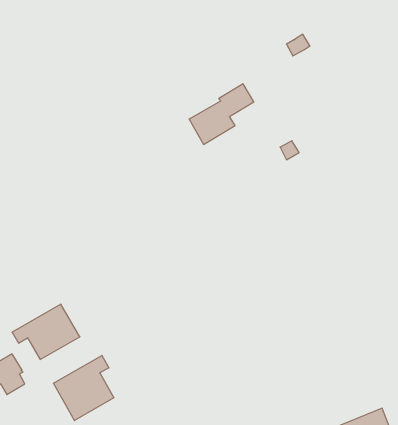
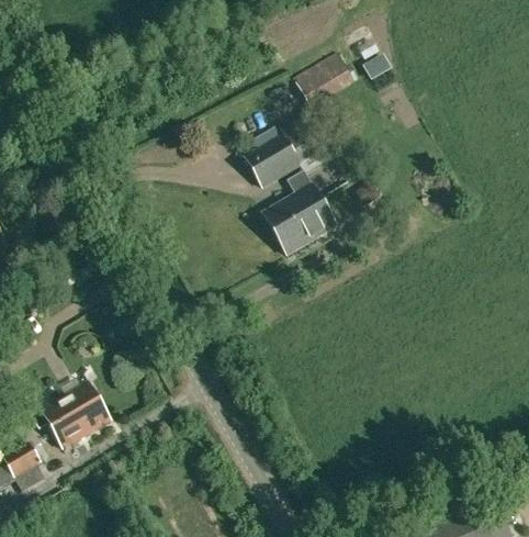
building: none -> [293,52,353,104]
building: none -> [261,170,336,255]
building: [53,355,114,421] -> none

